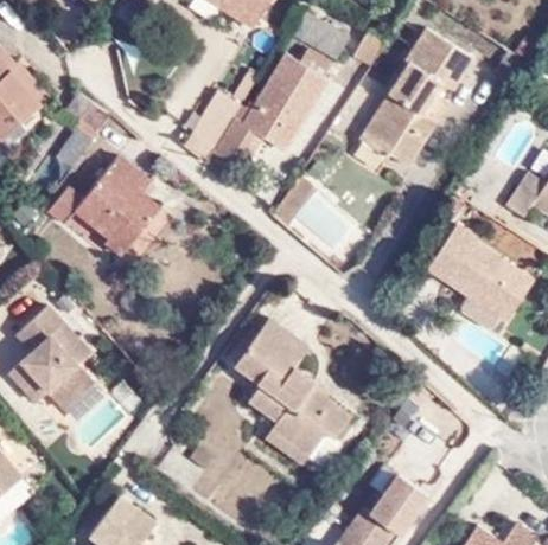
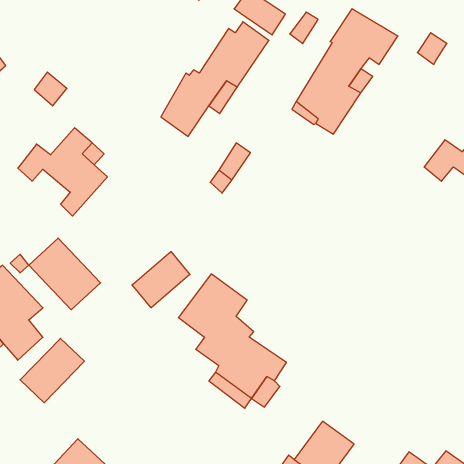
building: [185,66,260,165] -> none
building: [422,231,529,329] -> none
building: none -> [29,238,101,310]
building: none -> [132,252,190,308]

